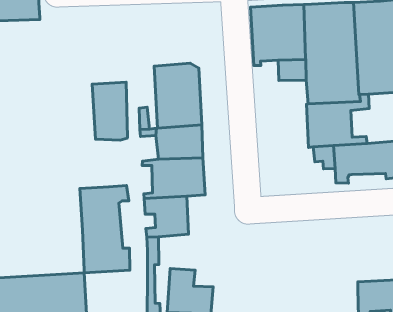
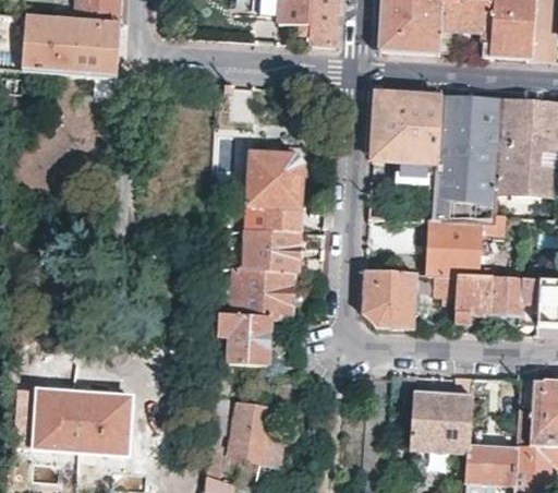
building: [92,82,127,140] -> none
building: none -> [363,268,416,327]
building: [80,186,130,273] -> none
building: none -> [410,374,474,452]

